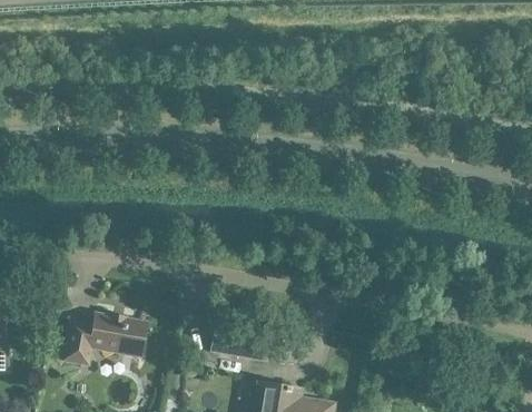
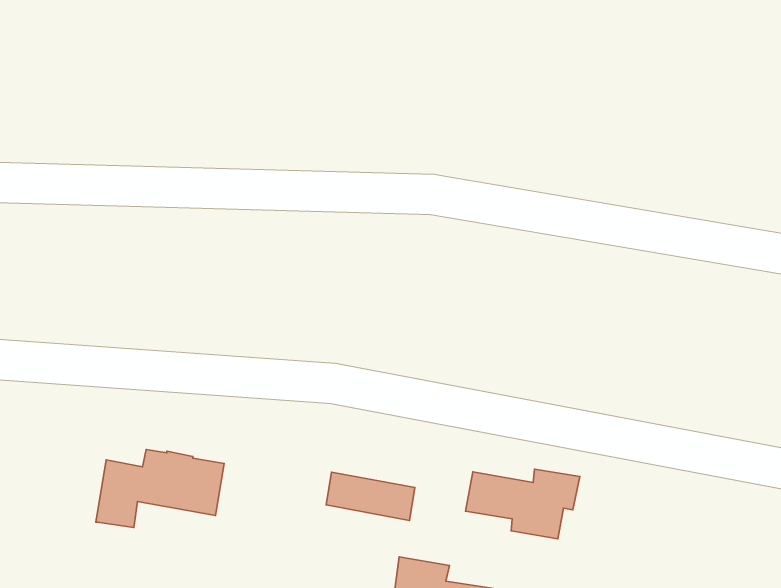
building: none -> [465,469,580,539]

